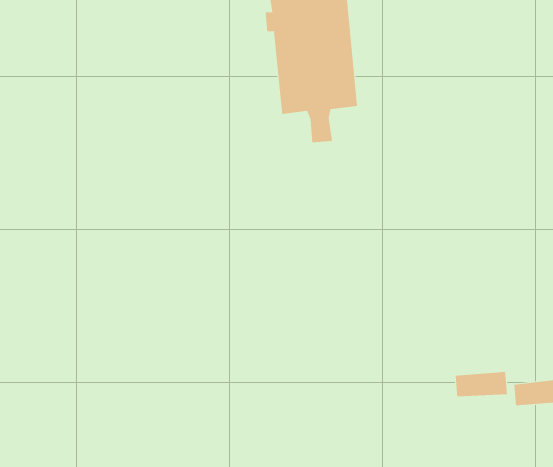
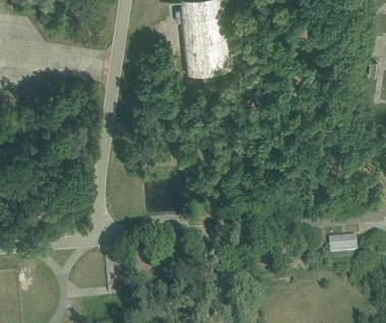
building: [455,371,507,397] -> none

